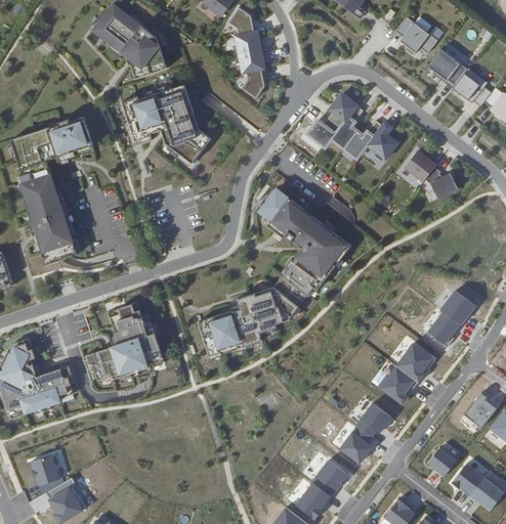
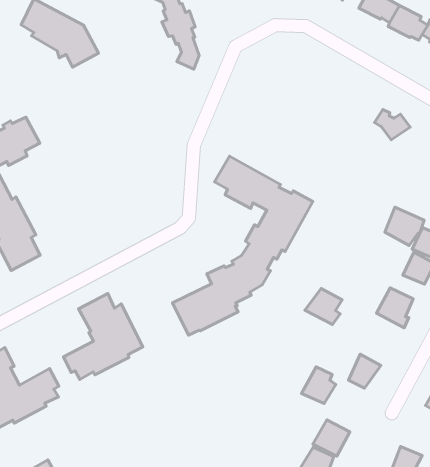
building: [122,84,211,163] -> none
building: [307,94,398,159] -> none
building: [405,151,437,181] -> none
building: none -> [385,207,424,245]
building: [378,367,416,404] -> [305,288,342,325]
building: [339,425,374,462] -> [301,367,336,403]

